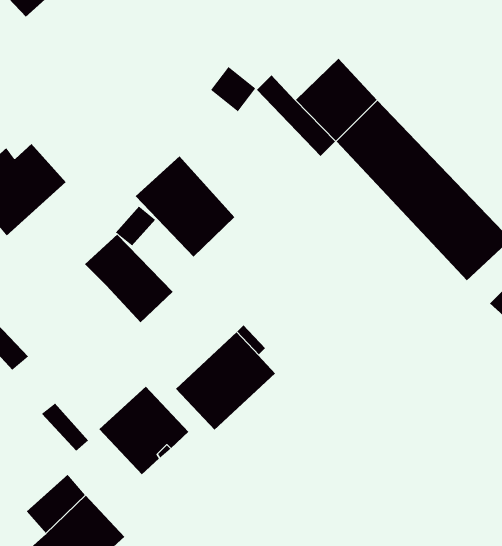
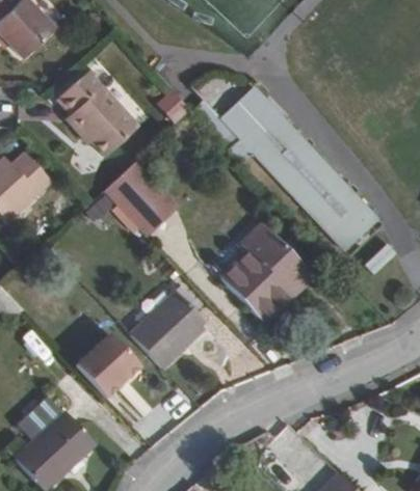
building: none -> [55,73,136,157]
building: none -> [213,217,310,319]
building: [84,234,173,323] -> none

